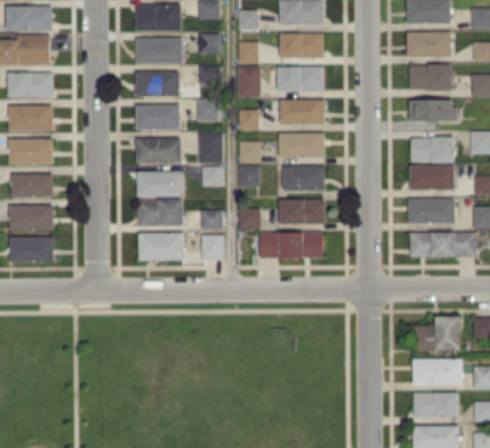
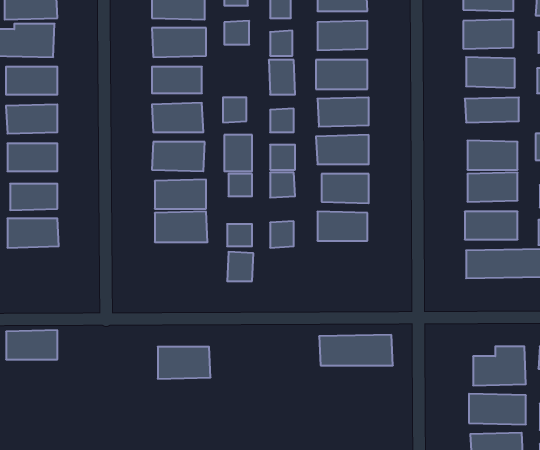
building: [258,232,323,259] -> [319,335,393,365]
building: [138,233,184,261] -> [158,347,211,379]
building: [8,237,53,262] -> [6,330,57,359]

